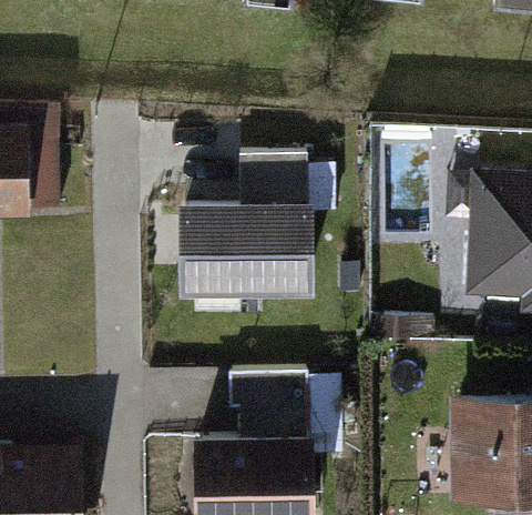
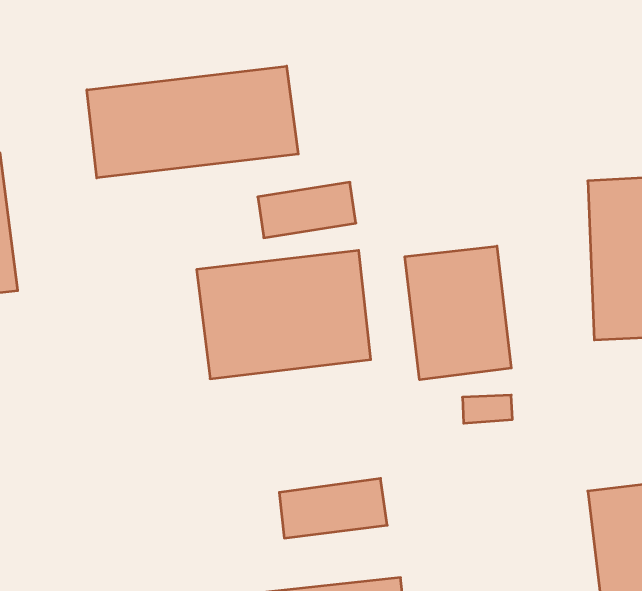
building: none -> [87,66,298,178]
building: none -> [405,246,511,380]

